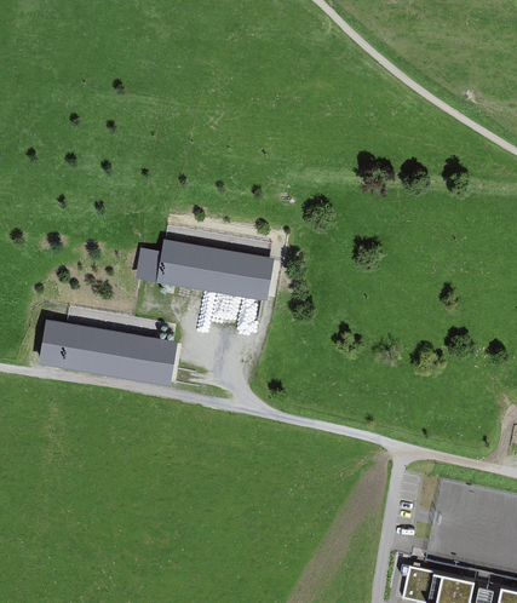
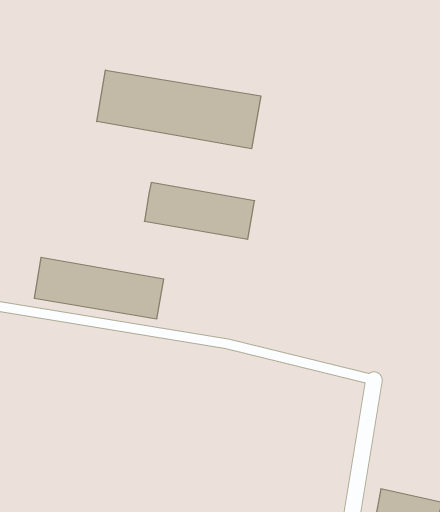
building: none -> [97,70,261,149]
building: [137,248,162,281] -> none

